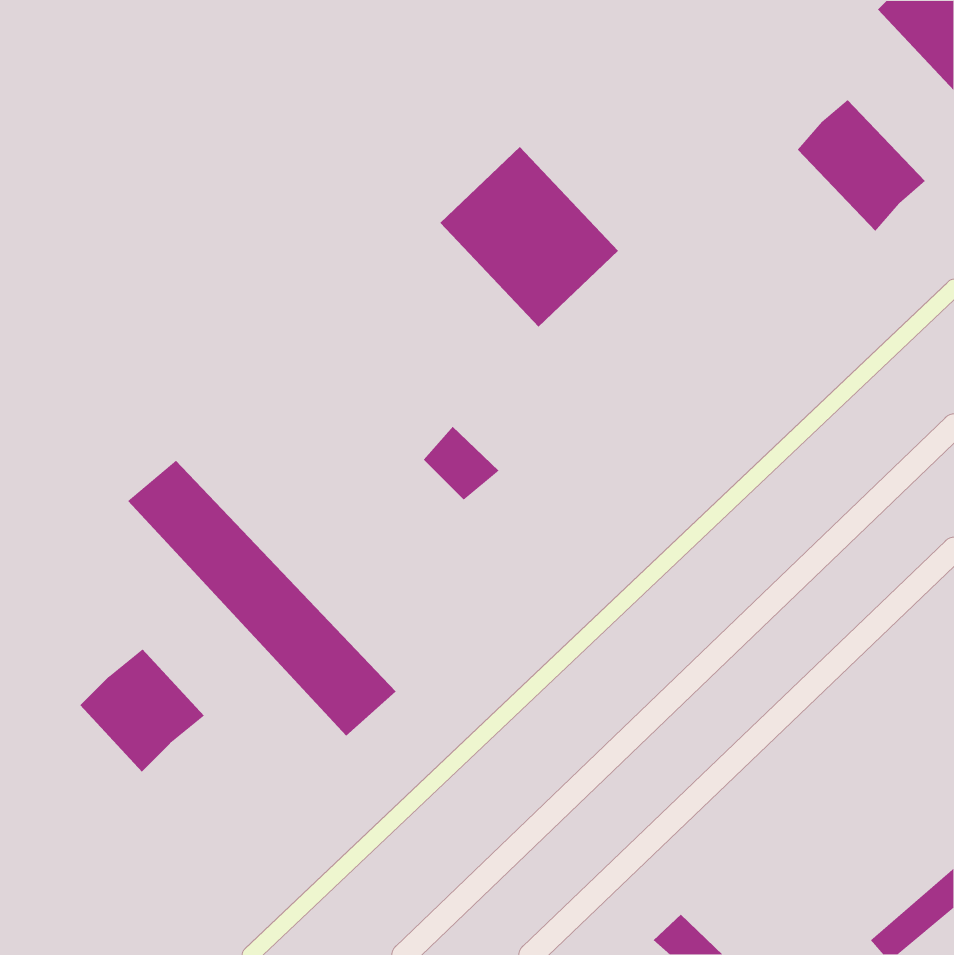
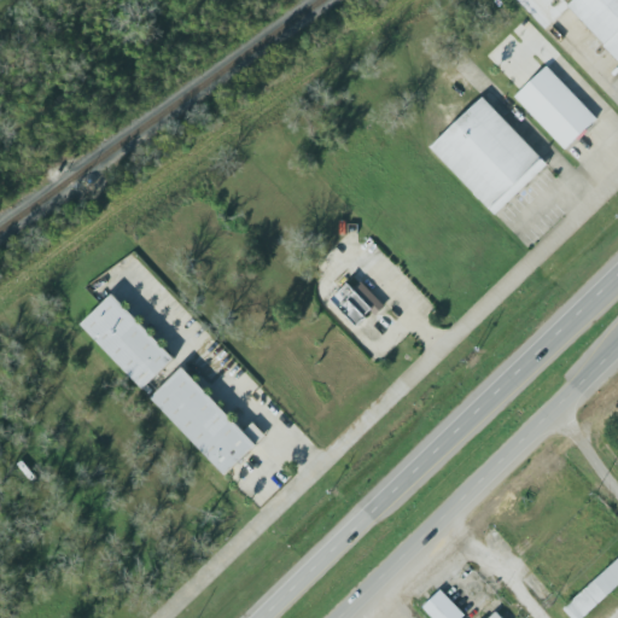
building: [439,146,619,327] -> [427,95,543,212]
building: [423,426,499,501] -> [333,278,383,326]
building: [79,648,205,772] -> none

